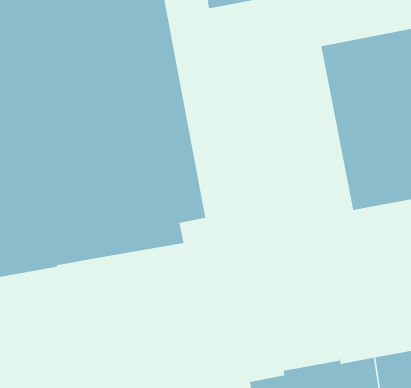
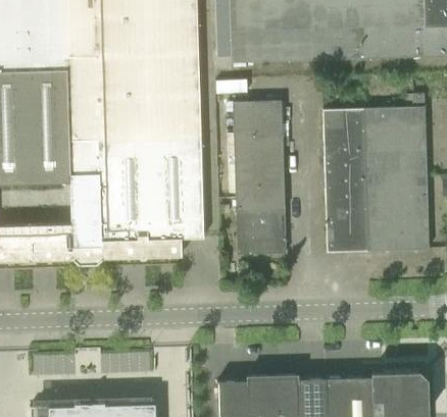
building: none -> [224,99,286,254]

